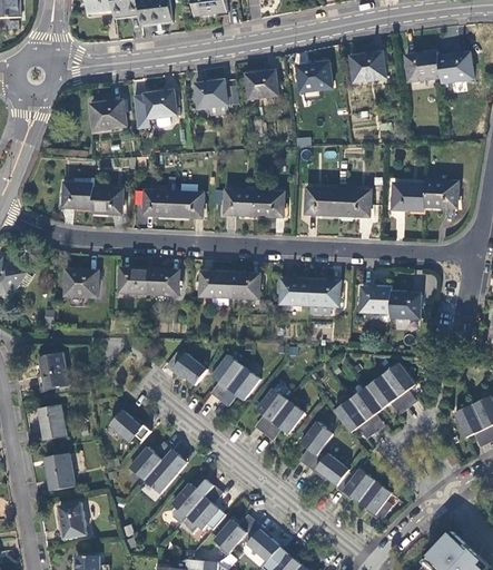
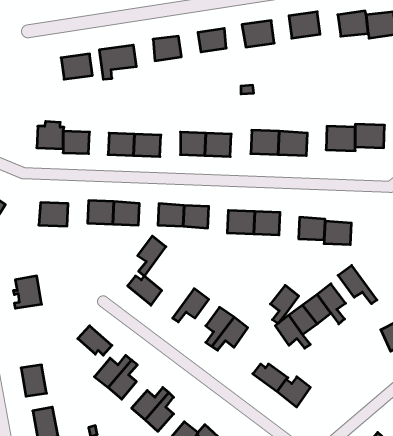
building: none -> [338,265,377,304]
building: [209,355,241,401] -> [138,236,166,276]
building: [38,405,65,439] -> none
building: [299,421,332,464] -> [270,285,299,323]
building: [358,480,391,518] -> none

